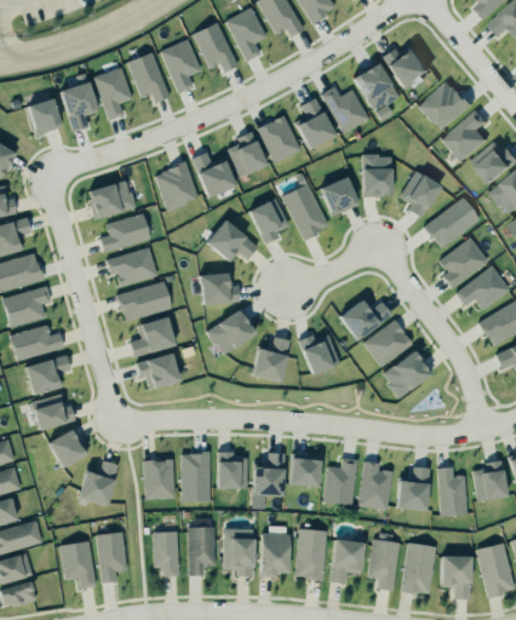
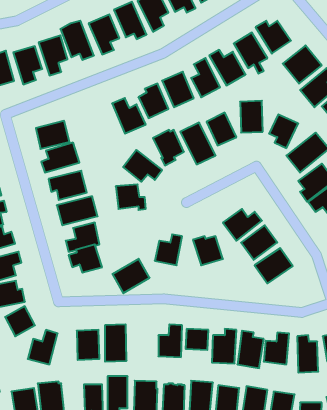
building: [155,163,199,211] -> none
building: [207,310,257,356] -> [112,259,150,293]
building: [218,452,248,489] -> none

